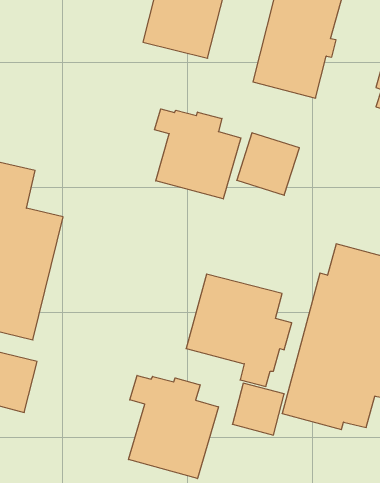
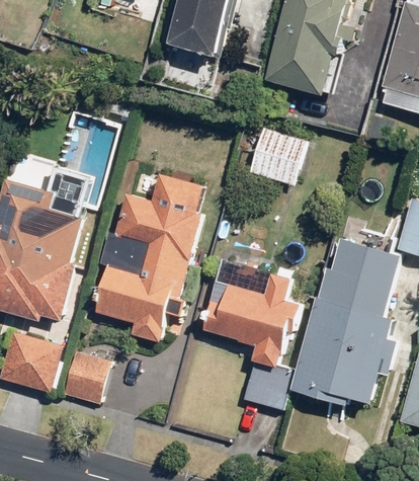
building: [155,109,241,199] -> none
building: none -> [95,175,203,343]
building: none -> [64,351,110,405]
building: [129,375,218,479] -> none

